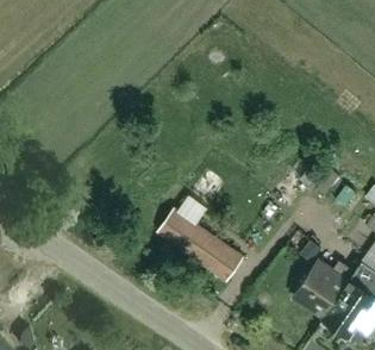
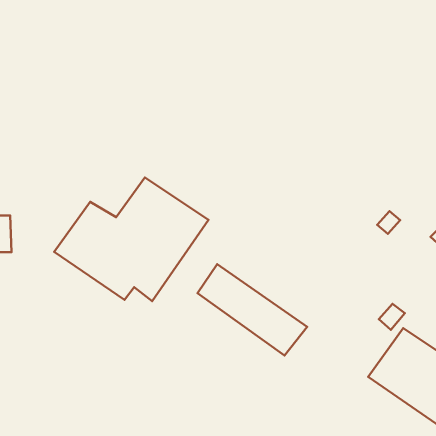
building: none -> [54,177,209,301]

